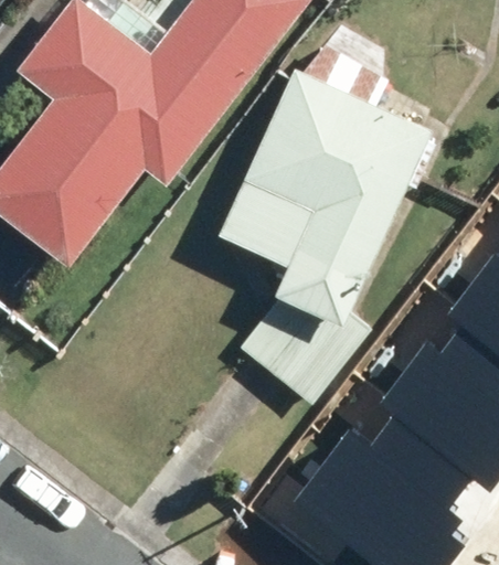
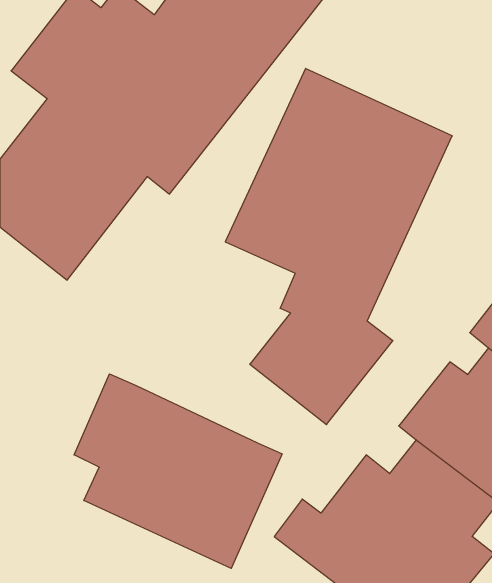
building: none -> [74,374,282,568]

